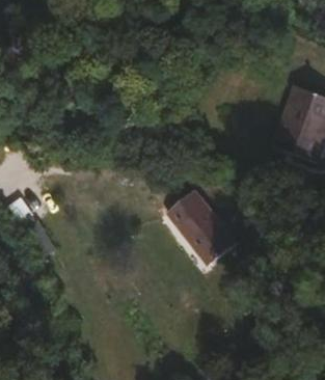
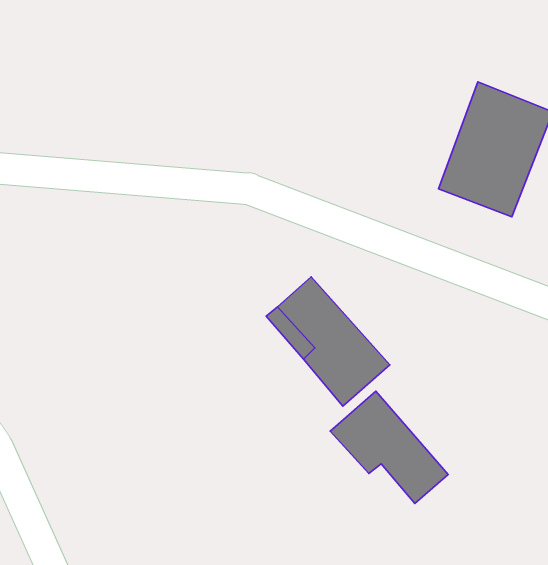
building: none -> [330,391,448,504]

